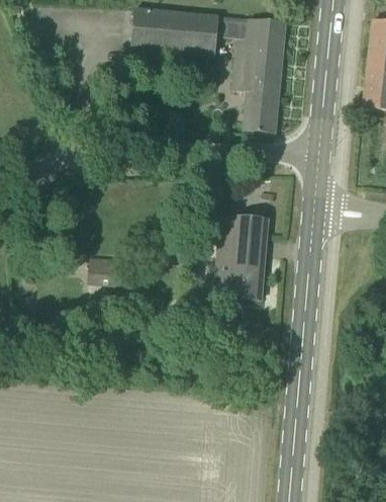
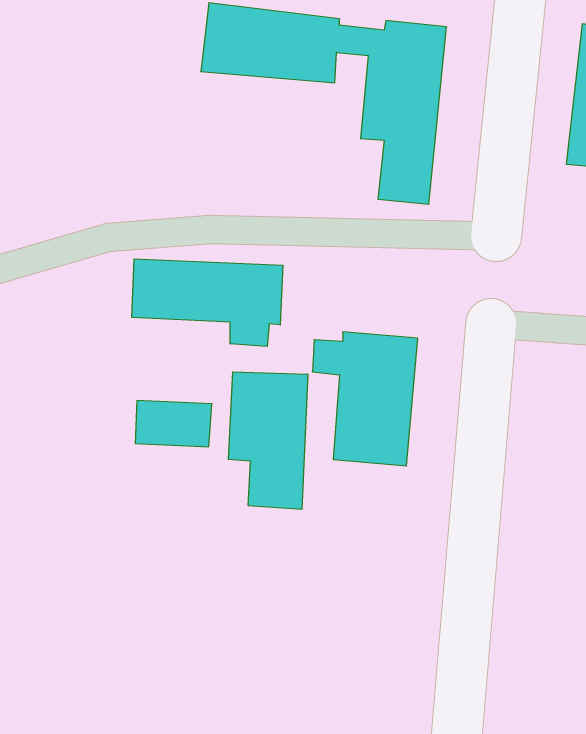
building: none -> [132,259,283,346]
building: none -> [228,372,308,509]

